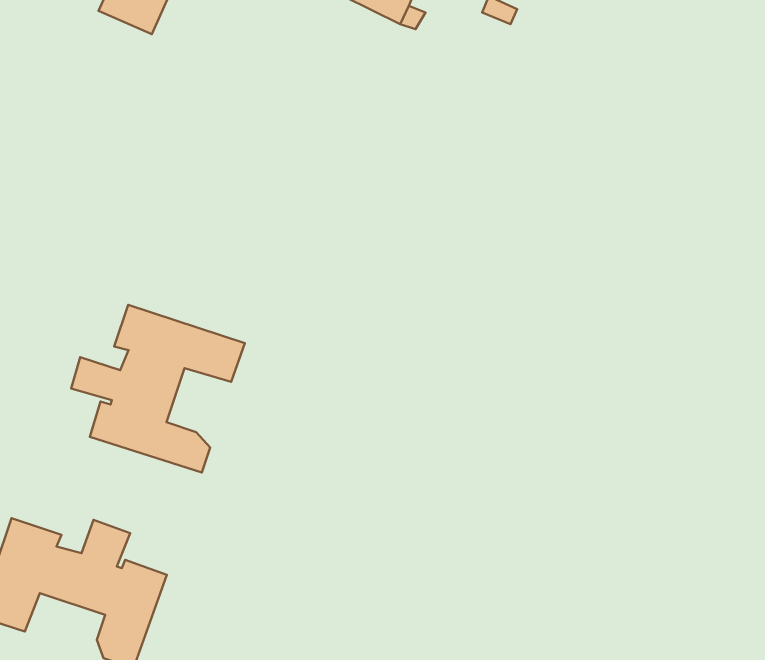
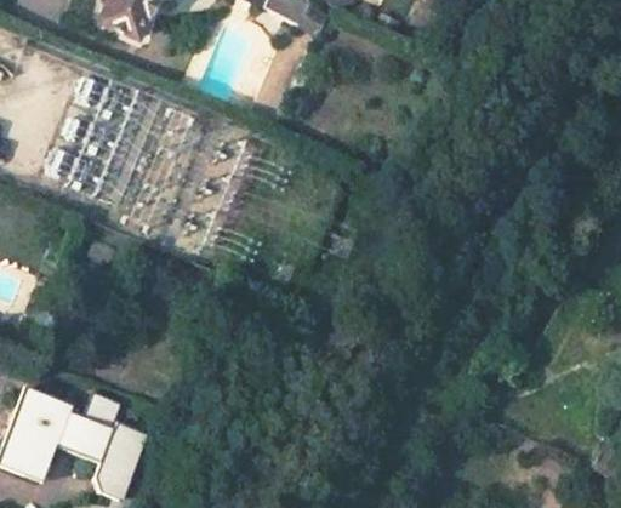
building: [71,305,245,472] -> none

